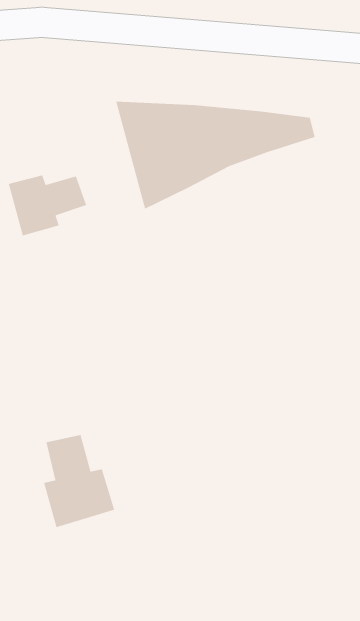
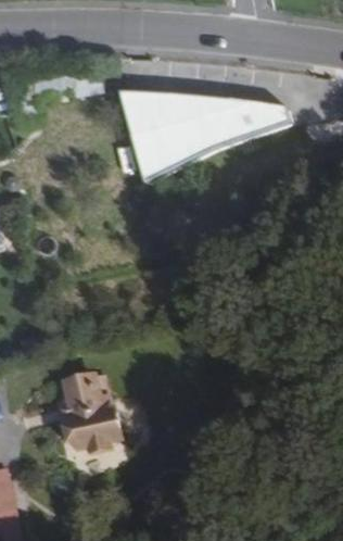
building: [8,174,87,237] -> none

